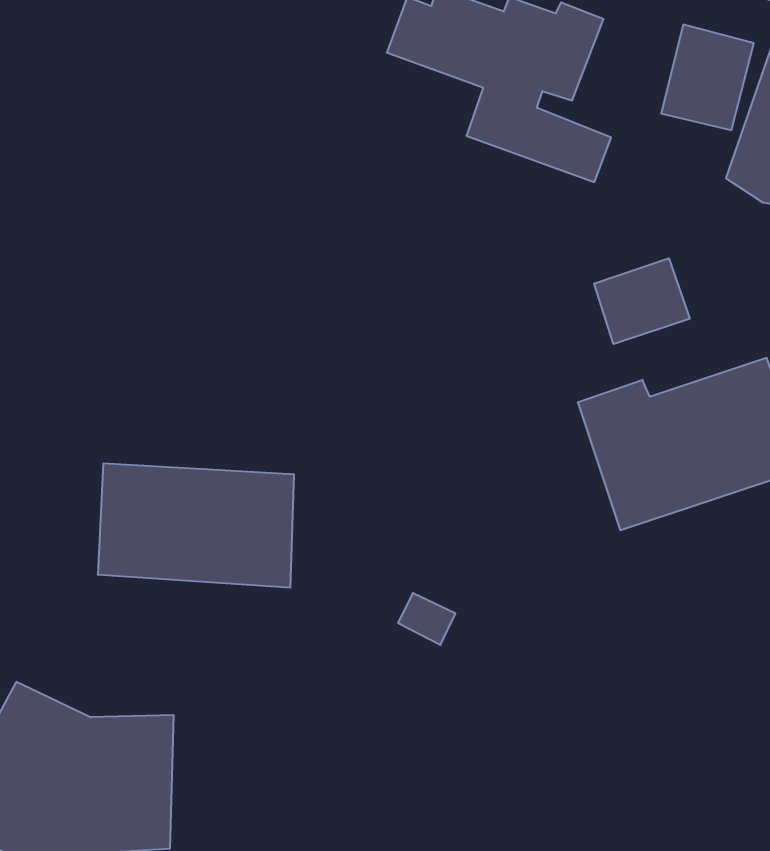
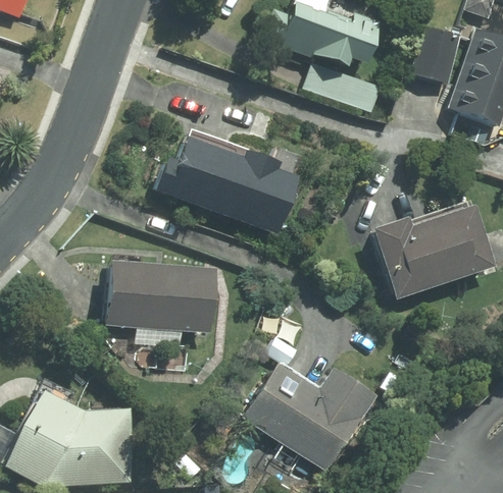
building: none -> [153,128,309,232]
building: [594,258,690,344] -> none
building: none -> [241,365,372,470]

